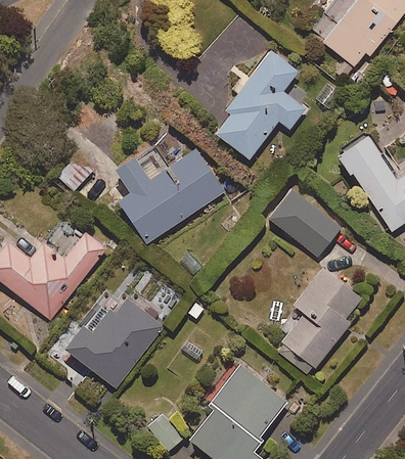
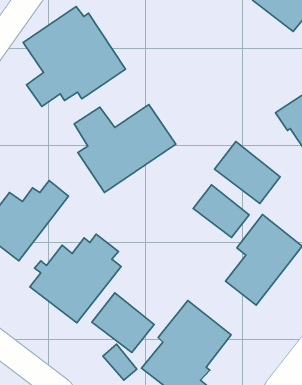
building: none -> [23,6,125,107]
building: [216,50,307,159] -> none
building: none -> [193,185,249,238]
building: none -> [92,293,154,353]

